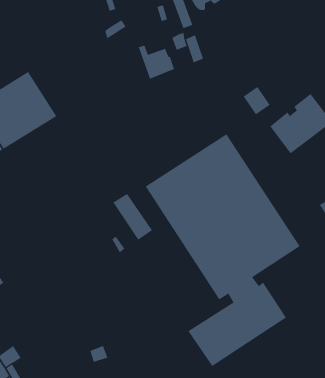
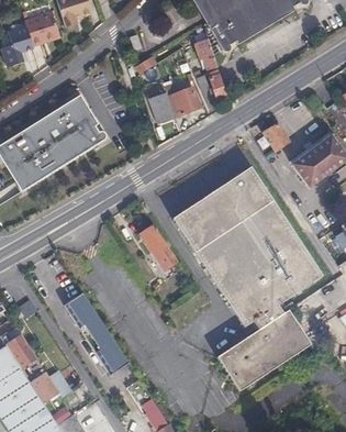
building: none -> [148,89,175,122]
building: none -> [59,96,107,152]
building: none -> [66,291,130,374]

